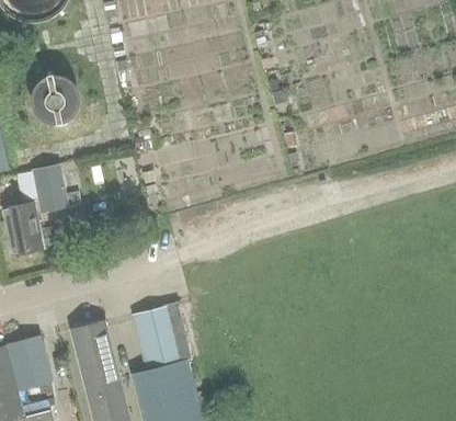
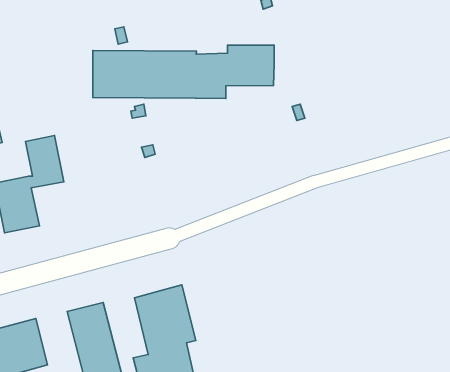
building: [31,73,80,123] -> none
building: none -> [93,45,274,98]

